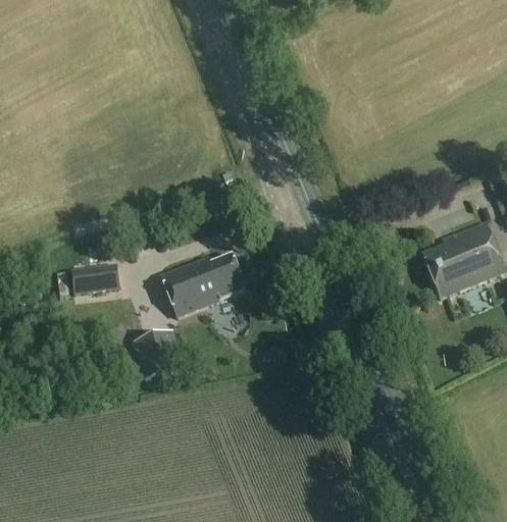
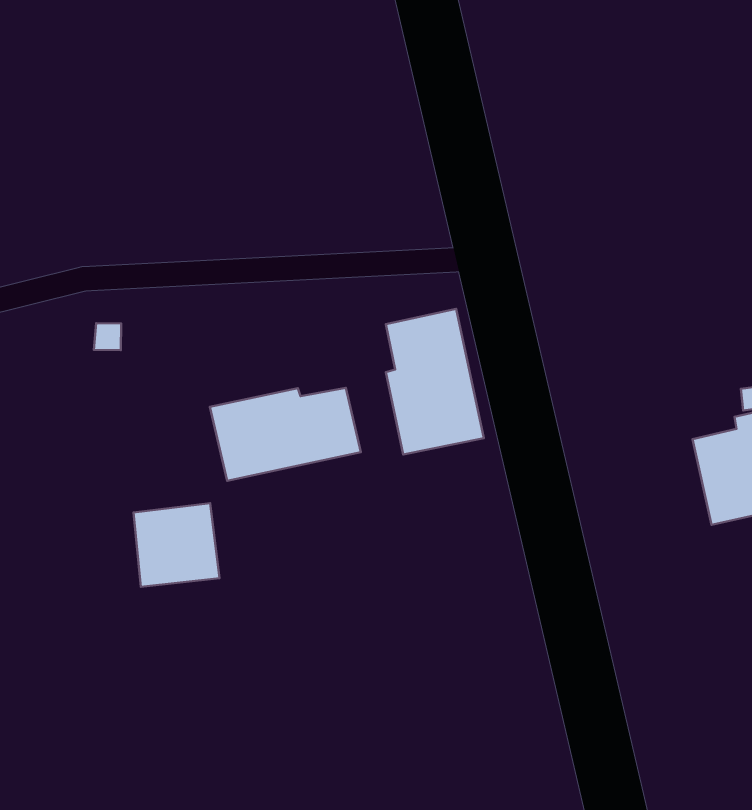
building: none -> [386,309,484,454]
building: [69,261,119,292] -> none

